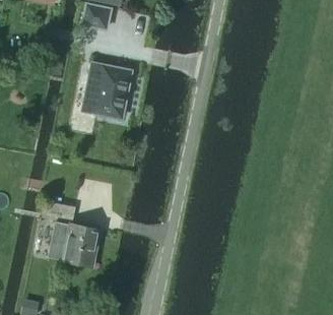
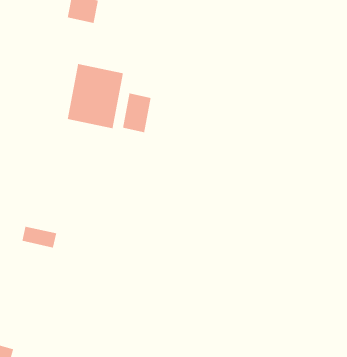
building: none -> [122,93,152,133]
building: [48,222,98,265] -> none

